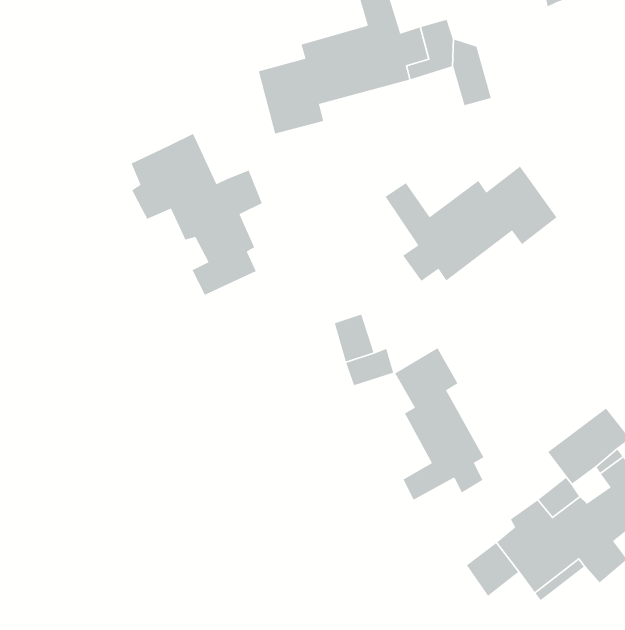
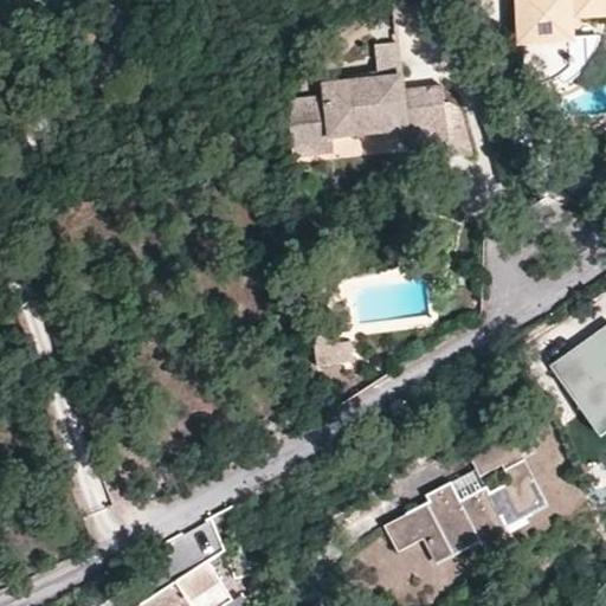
building: [131,133,263,296] -> none
building: [385,165,557,282] -> none
building: [394,347,485,501] -> none

